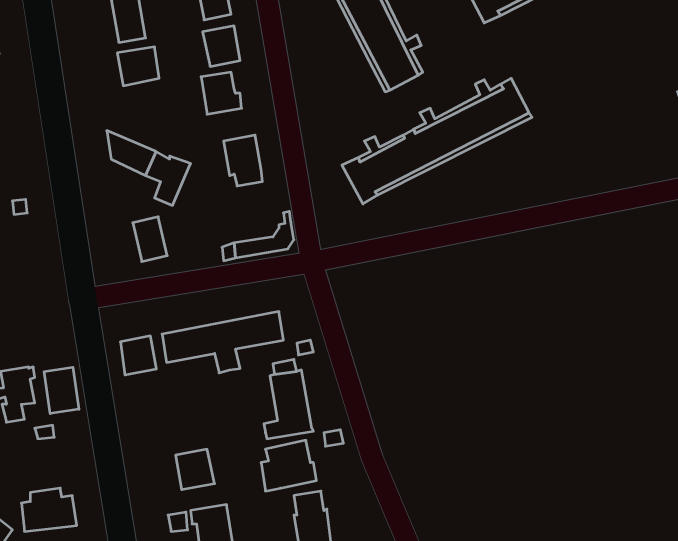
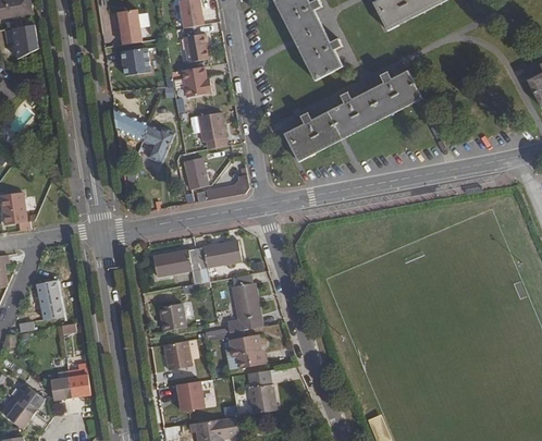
building: [133,217,167,262] -> [183,157,208,189]
building: [120,336,156,375] -> [159,303,185,331]
building: [44,367,79,414] -> none

